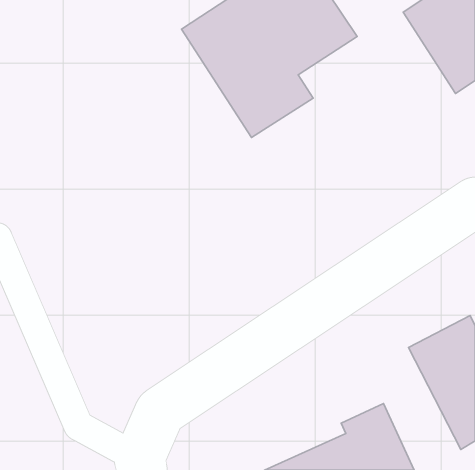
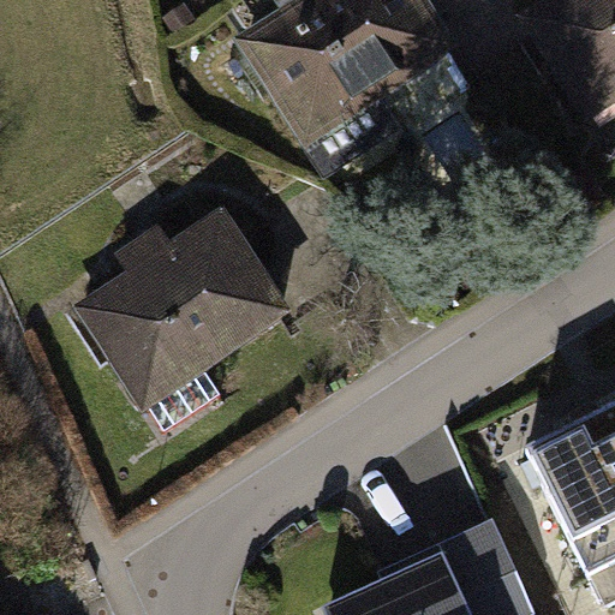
building: none -> [72,207,293,412]

